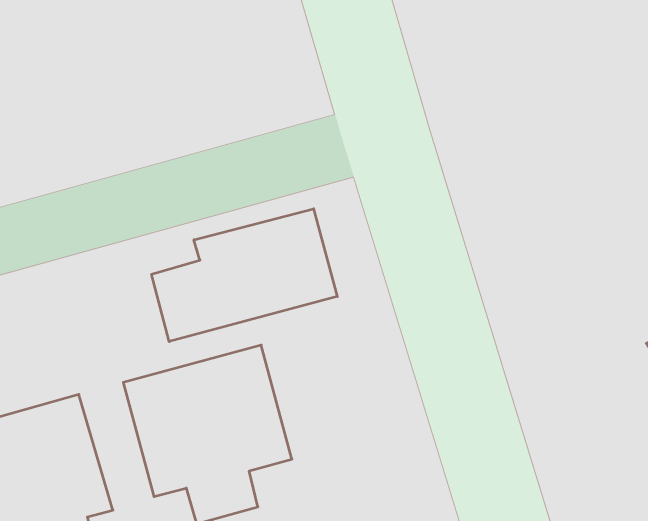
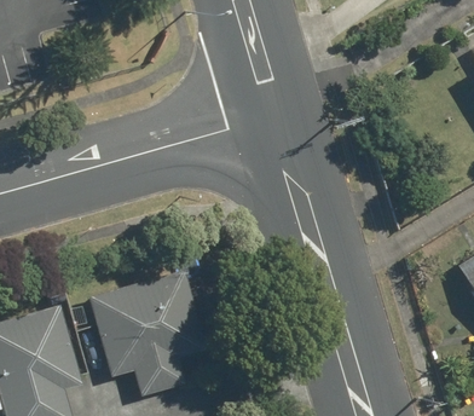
building: [152,209,337,342] -> none

